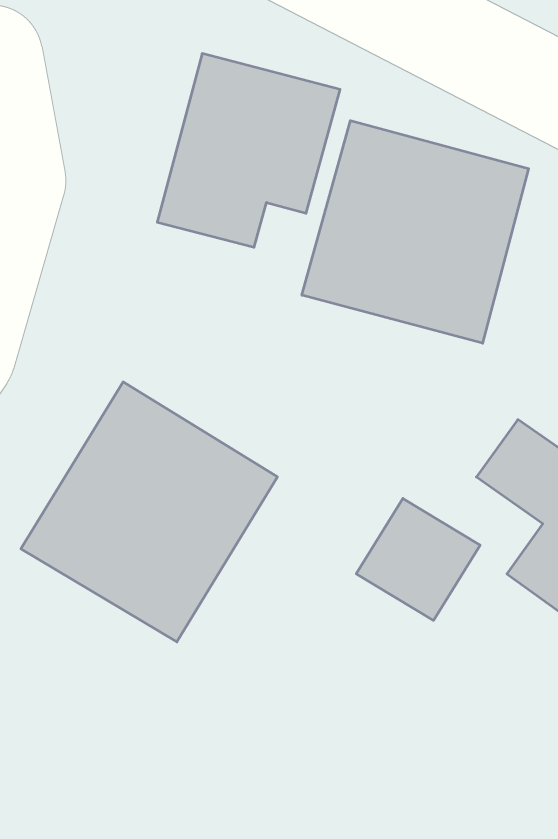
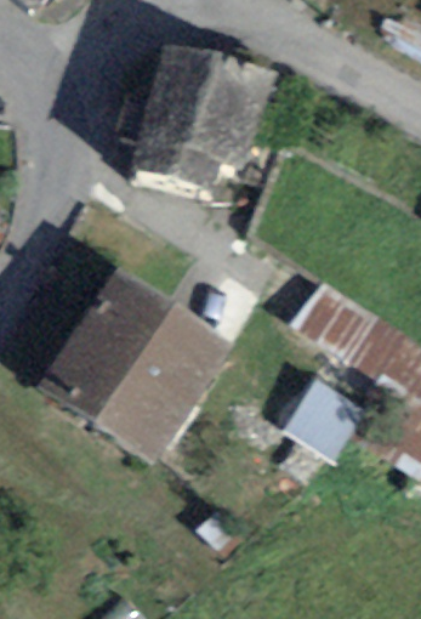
building: [302,121,529,343] -> none

